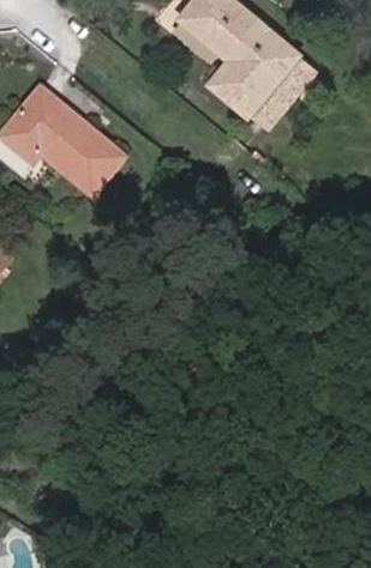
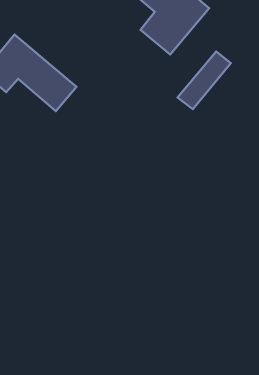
building: [246,53,317,129] -> [178,51,231,109]

